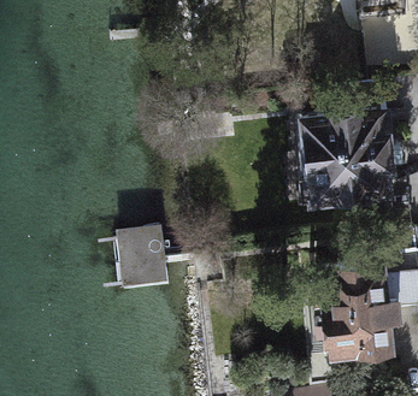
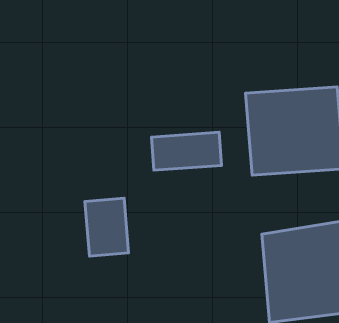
building: none -> [152,132,221,170]

